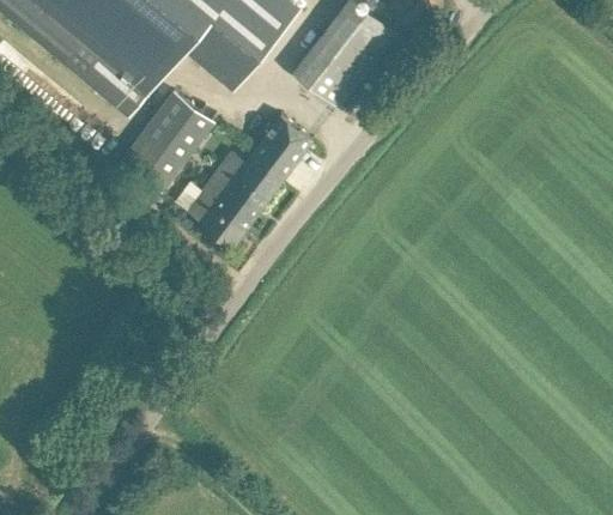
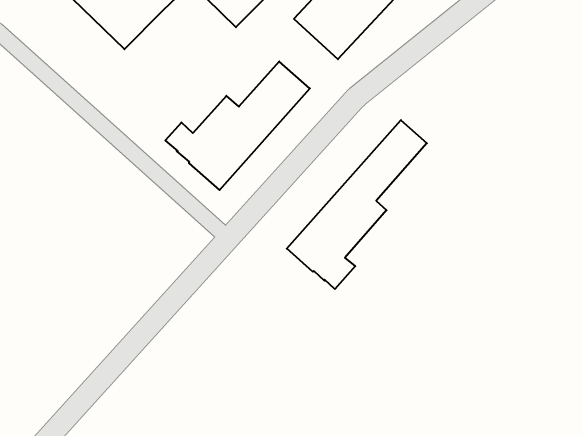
building: [122,90,216,190] -> none
building: none -> [287,120,427,289]

